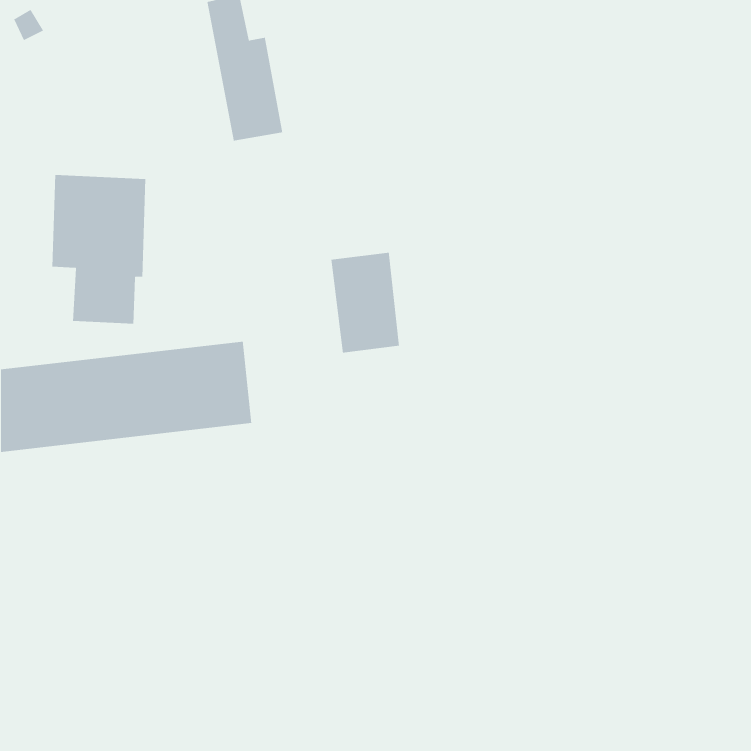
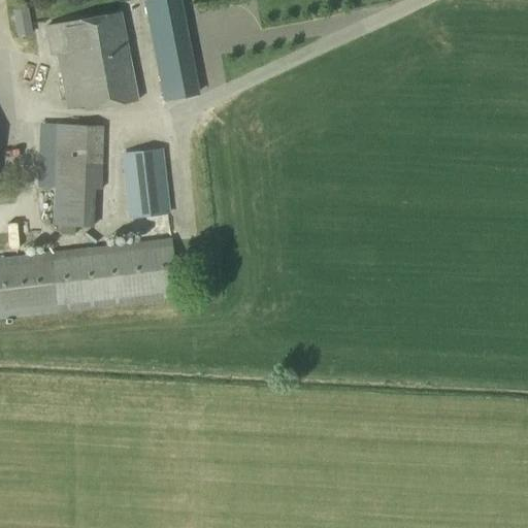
building: none -> [46,11,138,108]
building: [331,252,400,354] -> [122,146,170,218]

